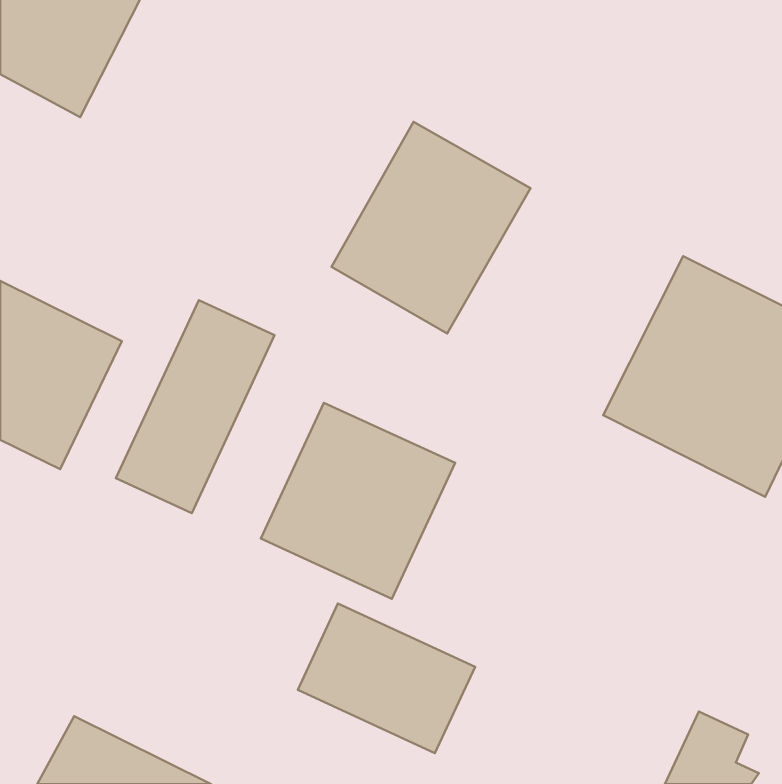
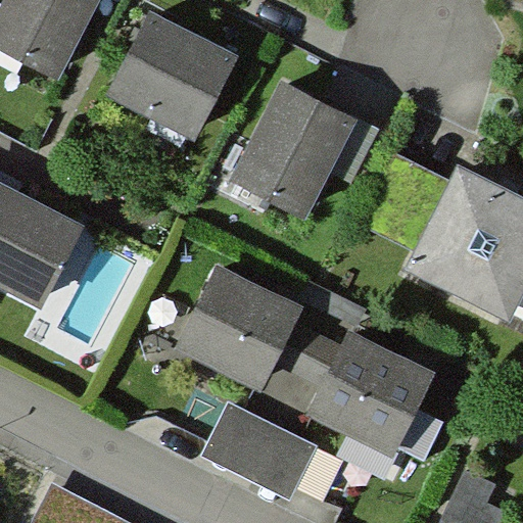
building: none -> [106,15,233,139]
building: [116,300,275,513] -> none
building: none -> [305,331,436,460]

